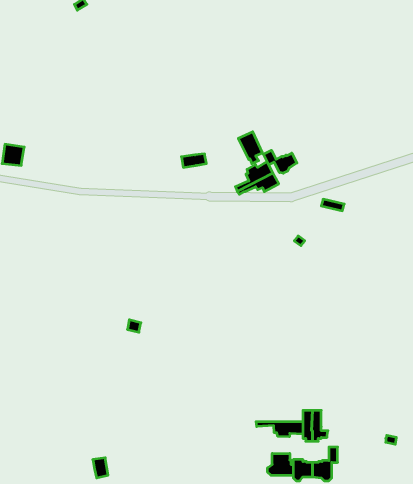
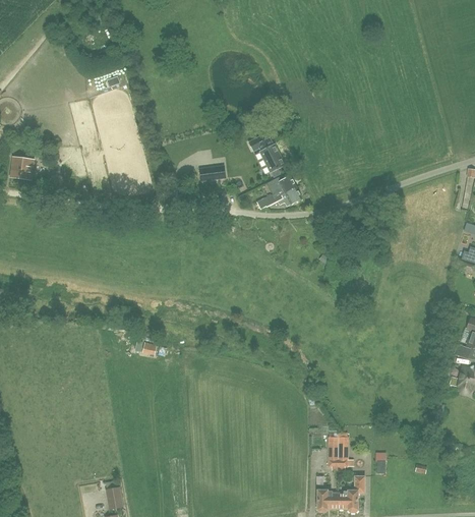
building: [263,150,297,173] -> none
building: [256,422,303,437] -> none
building: [268,453,293,475] -> none

